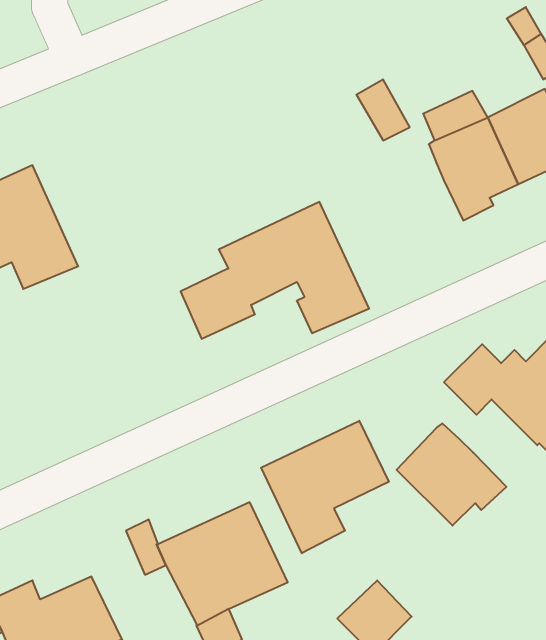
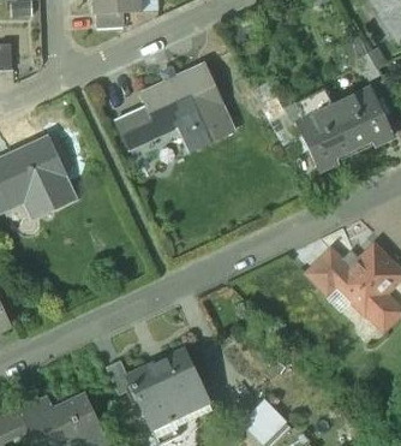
building: [181,202,369,339] -> [115,64,234,150]
building: [261,421,389,553] -> none
building: [397,423,506,526] -> none

